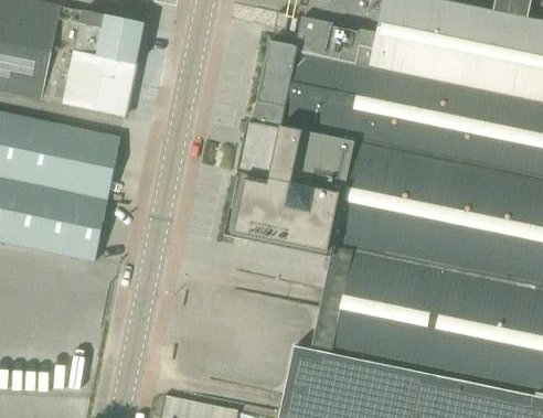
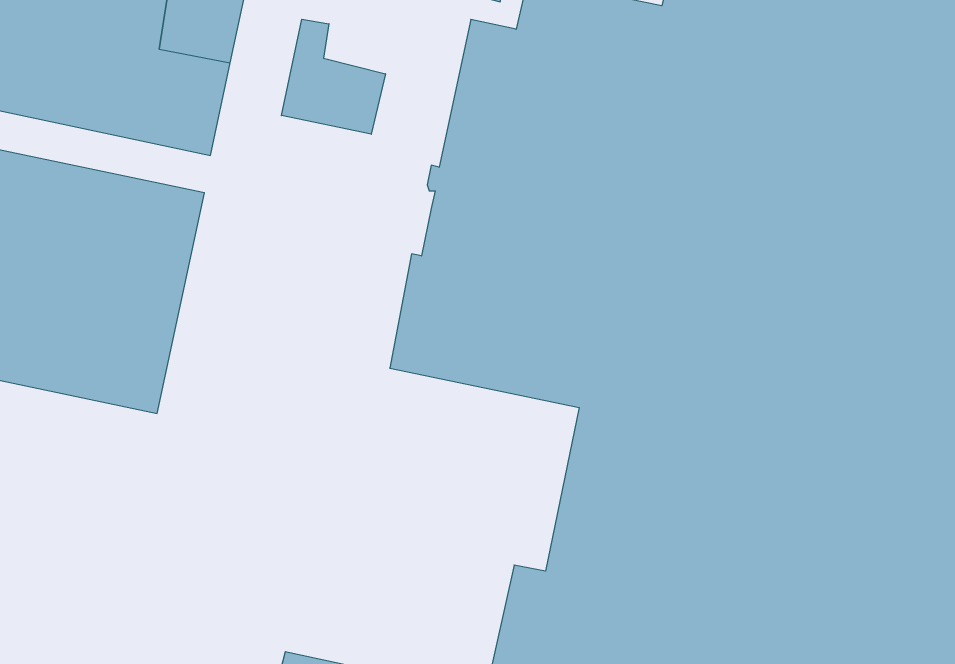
building: none -> [281,19,385,134]

